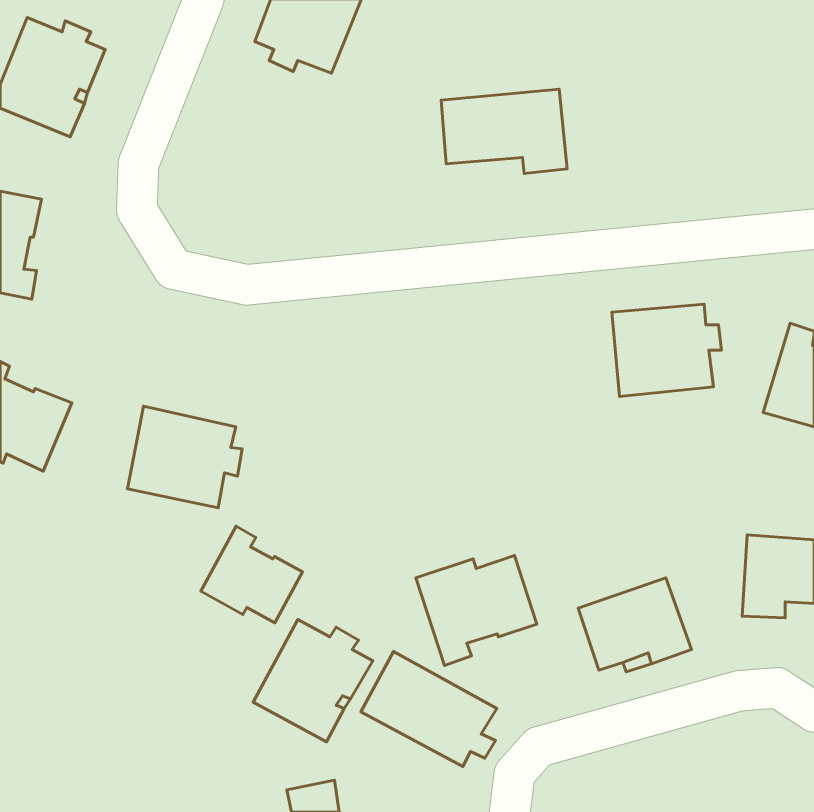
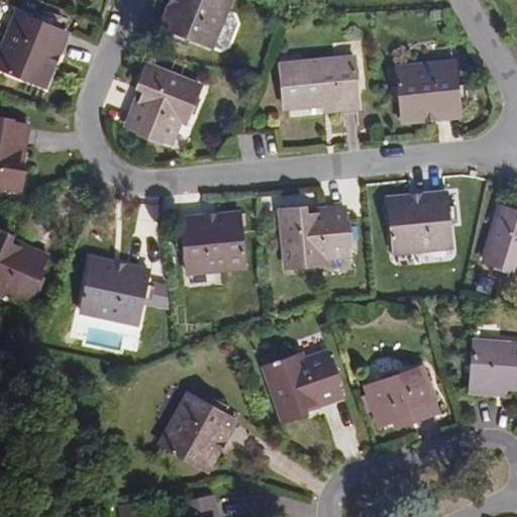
building: none -> [396,62,467,121]
building: none -> [128,64,201,142]
building: none -> [281,208,349,267]
building: none -> [175,213,245,272]
building: [201,526,302,623] -> none
building: [361,652,497,766] -> none

